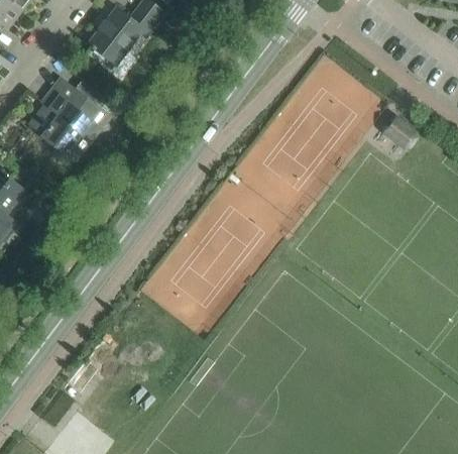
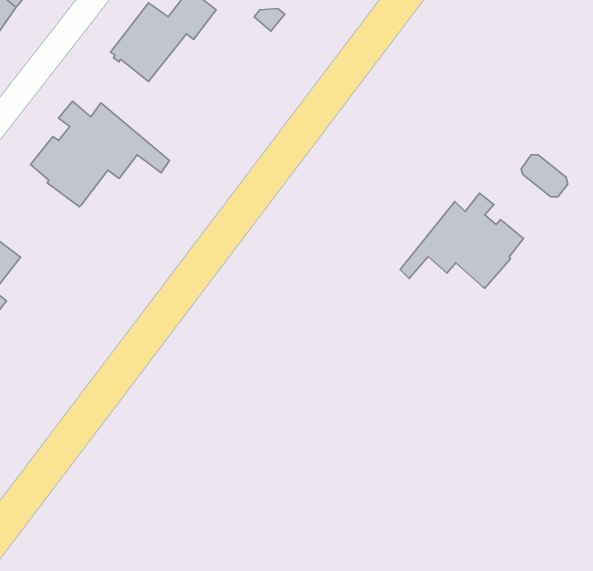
building: none -> [400,193,524,288]

